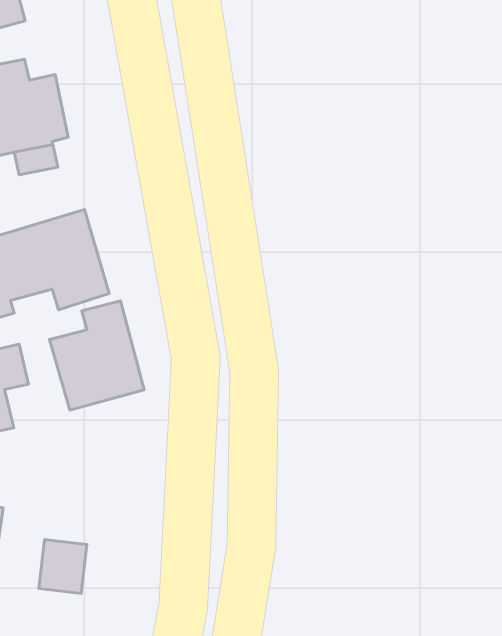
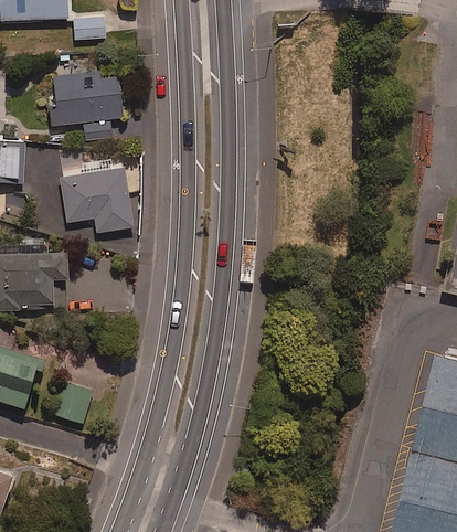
building: [50,301,144,410] -> none

